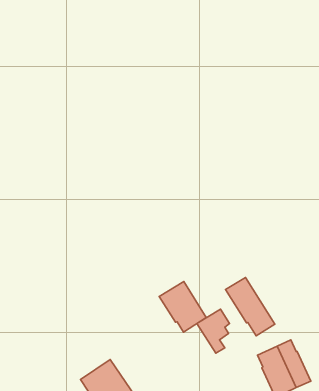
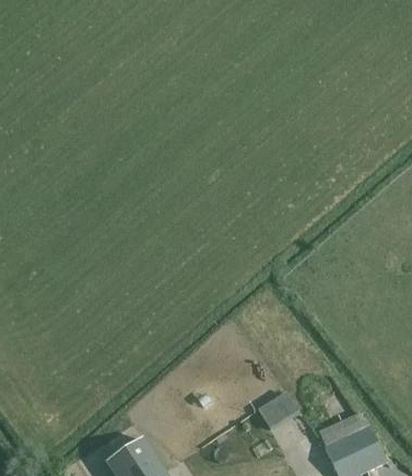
building: [226,278,275,336] -> none
building: [159,282,206,332] -> none

